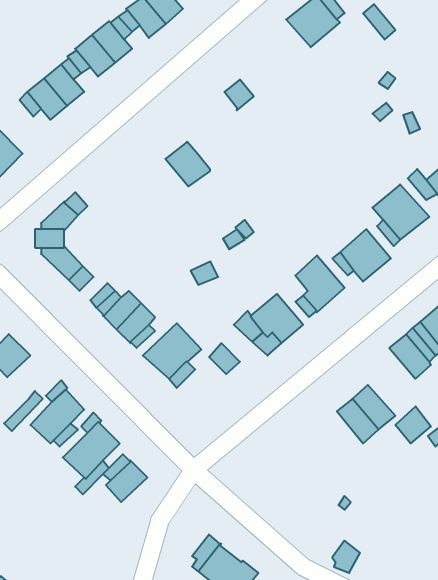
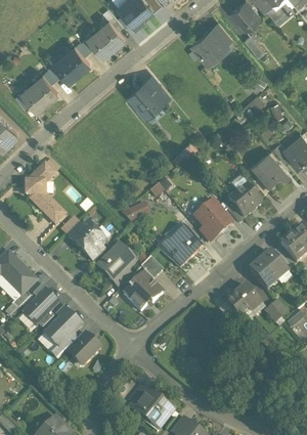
building: [165,142,210,186] -> [130,82,160,112]
building: none -> [250,260,278,290]
building: none -> [7,265,36,294]
building: none -> [124,276,163,309]

